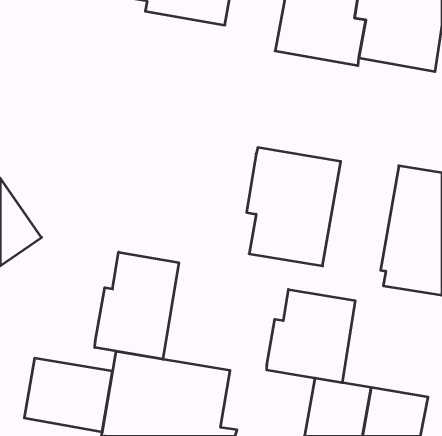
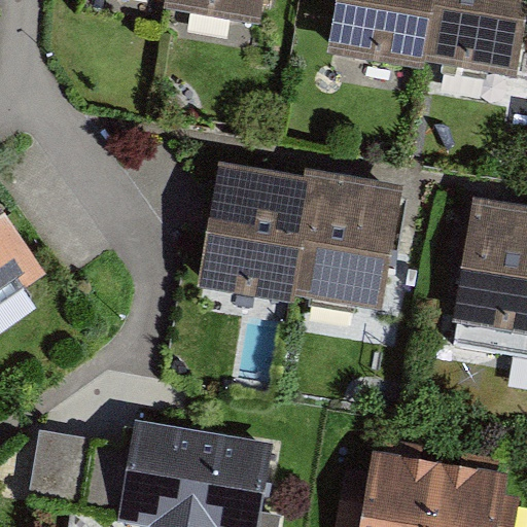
building: none -> [199,169,305,311]
building: [95,252,179,359] -> none
building: [267,289,355,383] -> none

